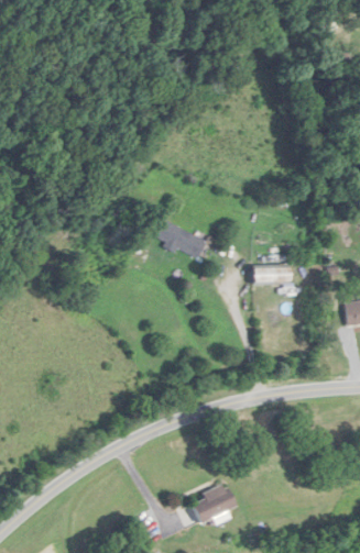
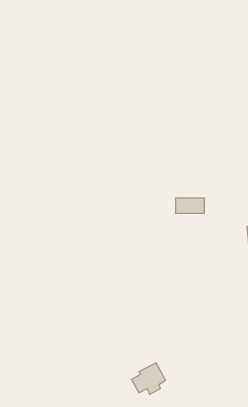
building: [156,219,207,261] -> none

